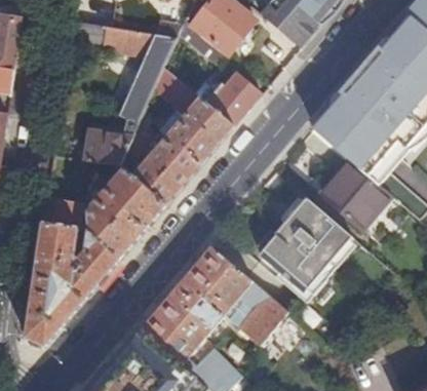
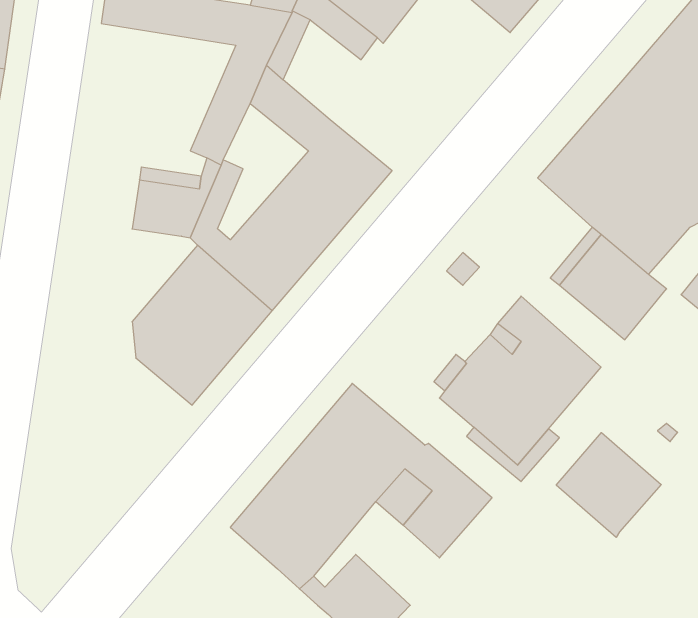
building: [197,73,260,126] -> none
building: [25,199,119,346] -> none
building: none -> [556,433,661,537]

